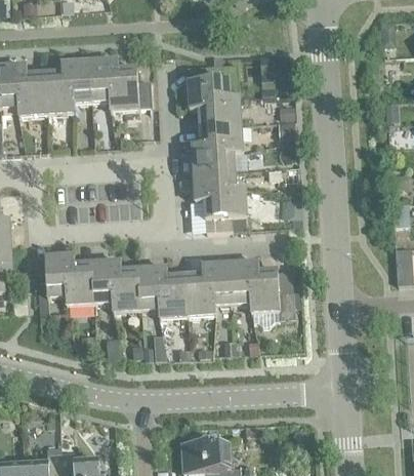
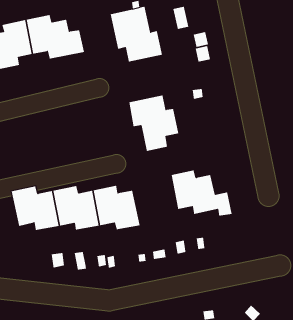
building: [192,123,243,172] -> none
building: [184,263,233,316] -> none

